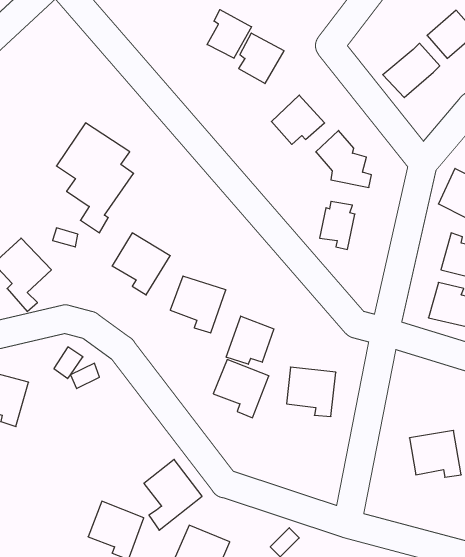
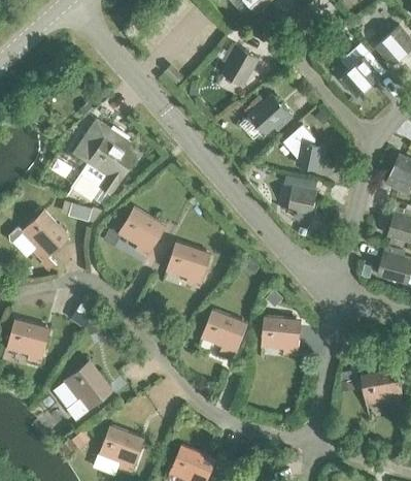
building: [207,10,252,58] -> none
building: [226,316,274,364] -> none
building: [144,459,202,530] -> [64,361,111,419]

